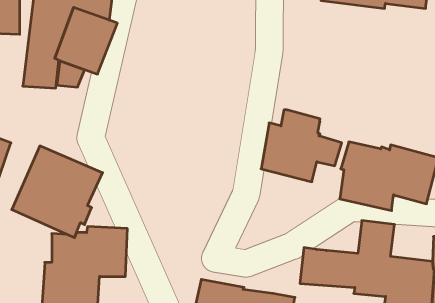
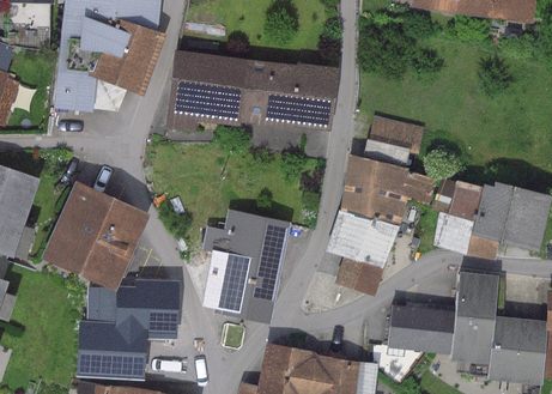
building: none -> [165,50,338,133]
building: none -> [370,117,424,156]
building: none -> [200,207,293,326]
building: none -> [323,210,400,296]

